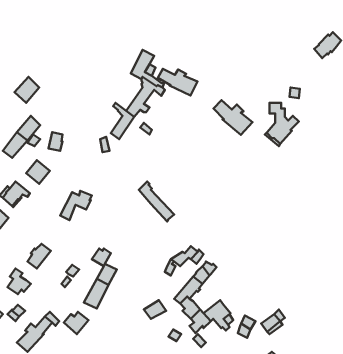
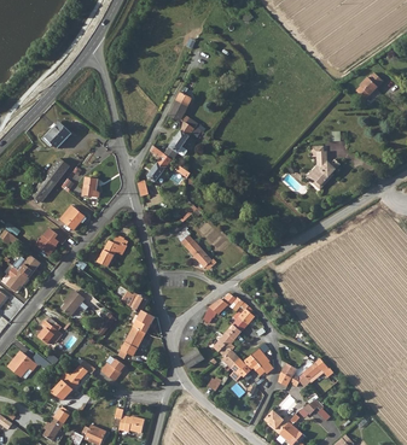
building: [158,69,198,95] -> none
building: [214,100,253,135] -> none

